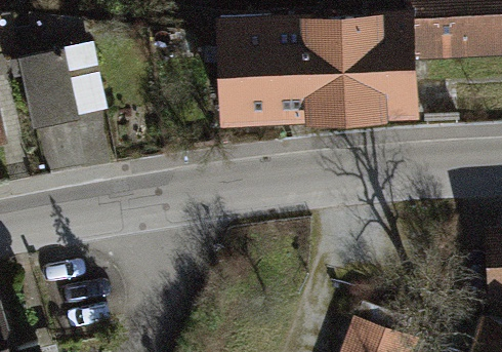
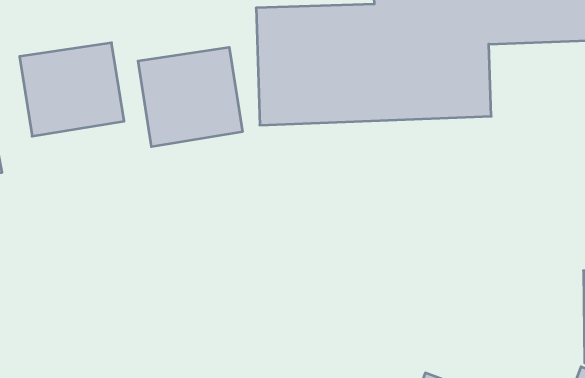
building: none -> [138,47,242,147]

